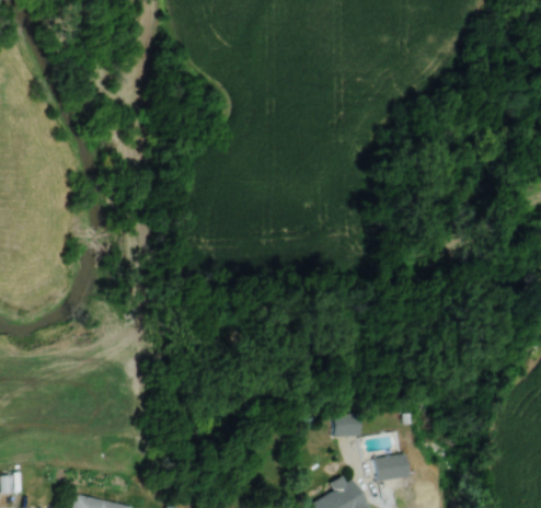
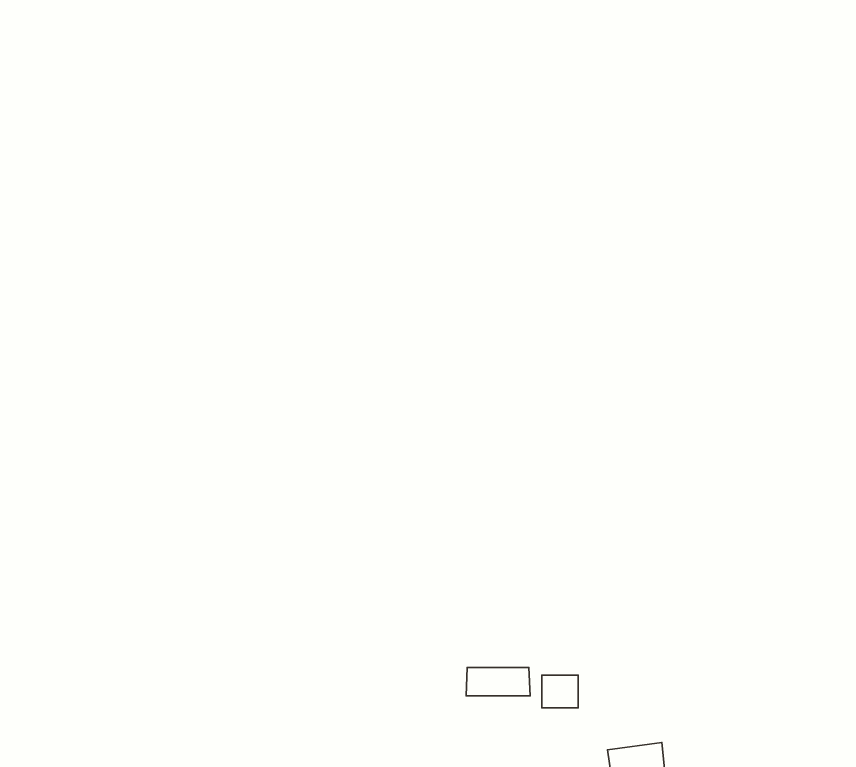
building: none -> [466,667,530,696]

